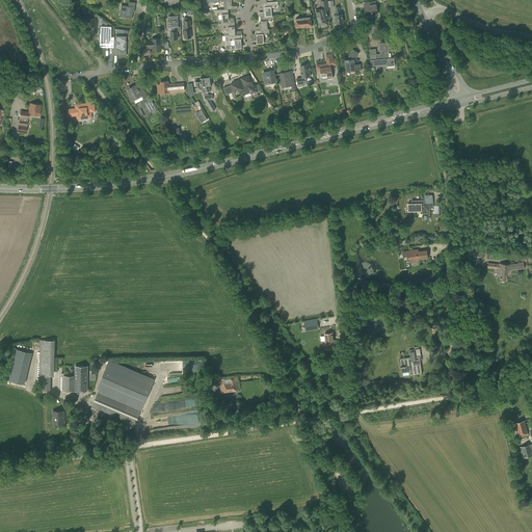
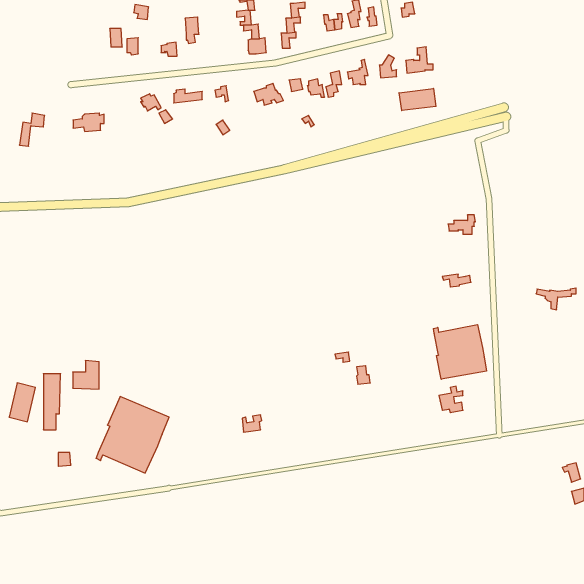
building: none -> [399,88,436,111]
building: none -> [433,325,486,379]
building: [63,366,87,392] -> [73,361,99,389]

